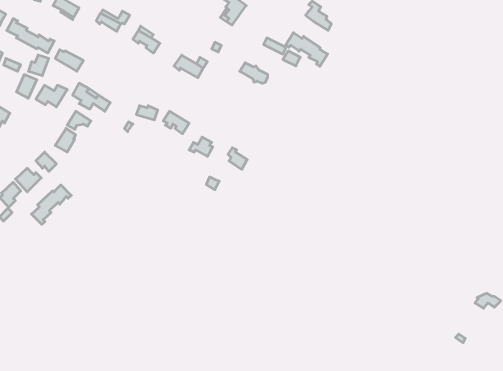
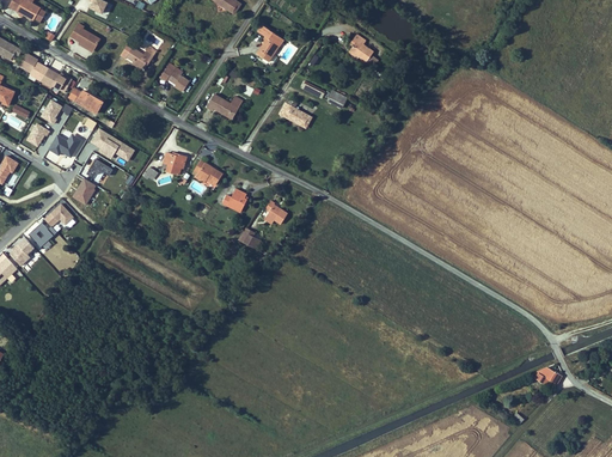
building: [286,33,328,66] -> none
building: [31,185,71,224] -> none

